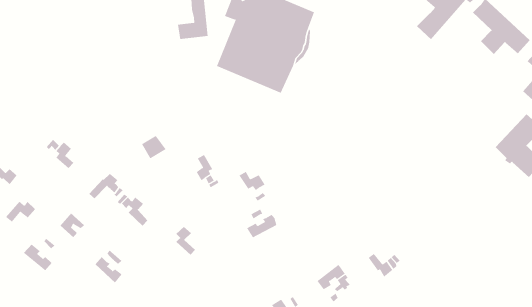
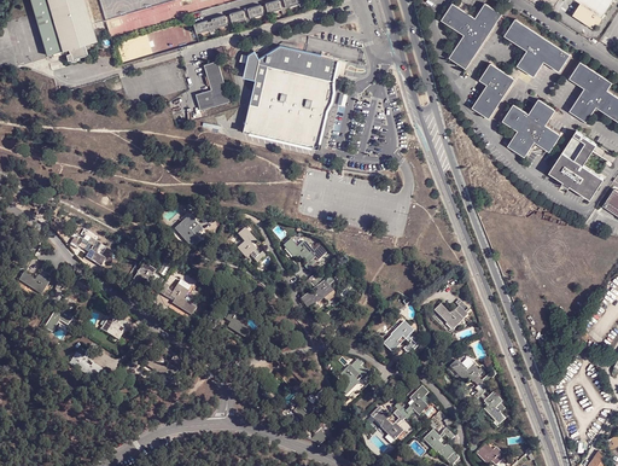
building: none -> [471,59,514,116]
building: none -> [502,95,560,153]

